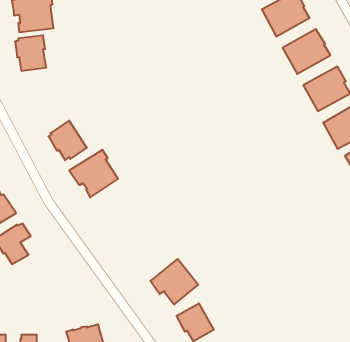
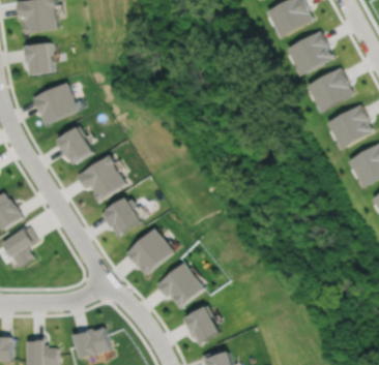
building: none -> [31,81,78,124]
building: none -> [99,195,140,235]
building: none -> [124,227,173,275]

